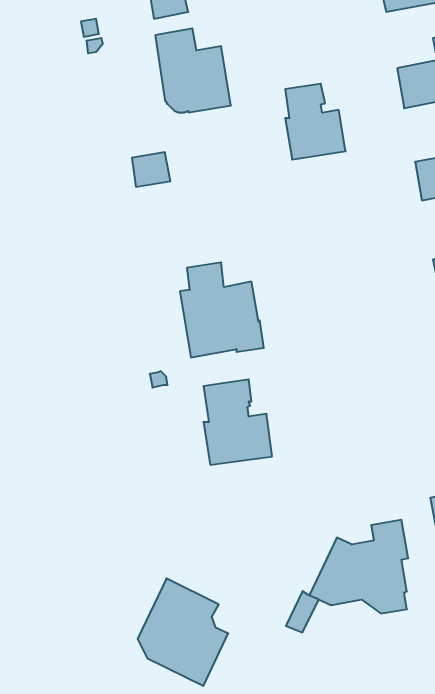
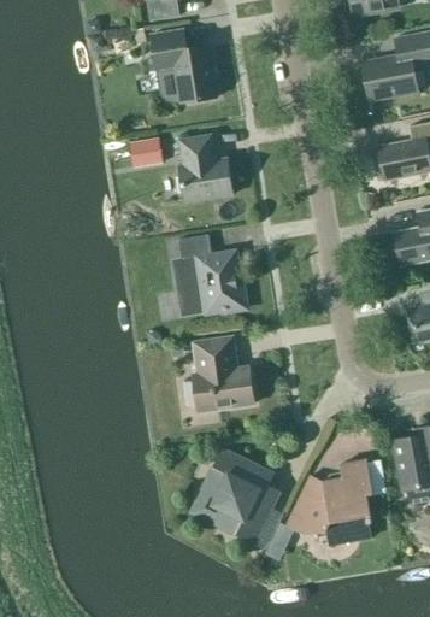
building: [285,84,346,160] -> [179,134,232,200]
building: [138,578,228,686] -> [196,447,276,541]

